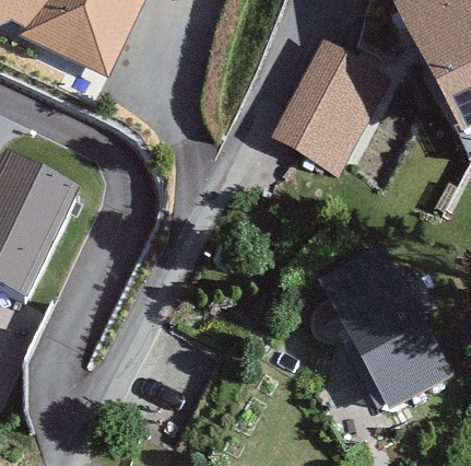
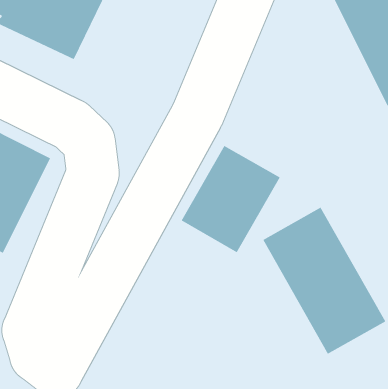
building: [269,40,391,174] -> none
building: none -> [181,145,280,253]

